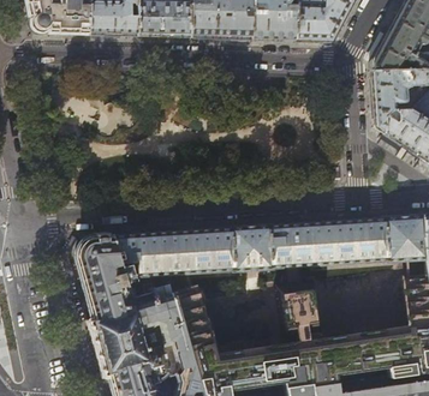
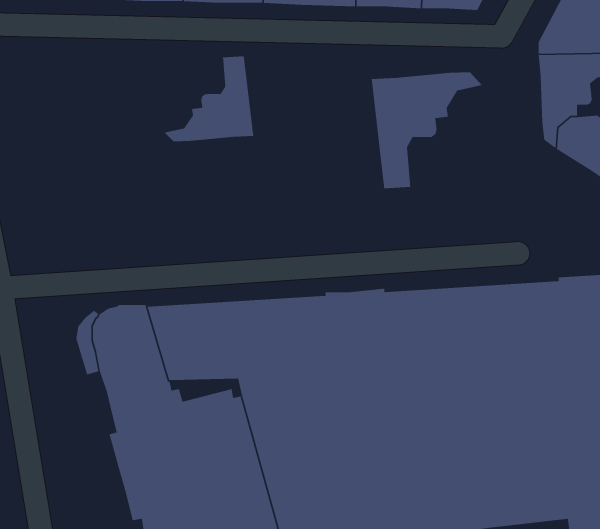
building: none -> [163,55,254,142]
building: none -> [371,71,483,189]

